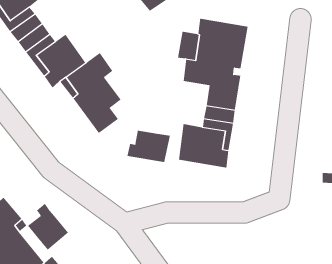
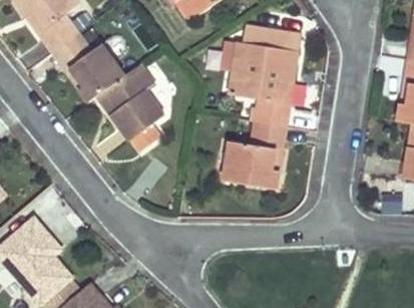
building: [127,130,170,163] -> none
building: [27,203,69,250] -> none

